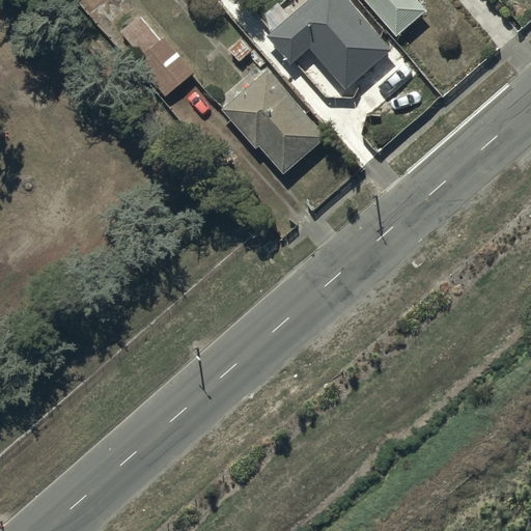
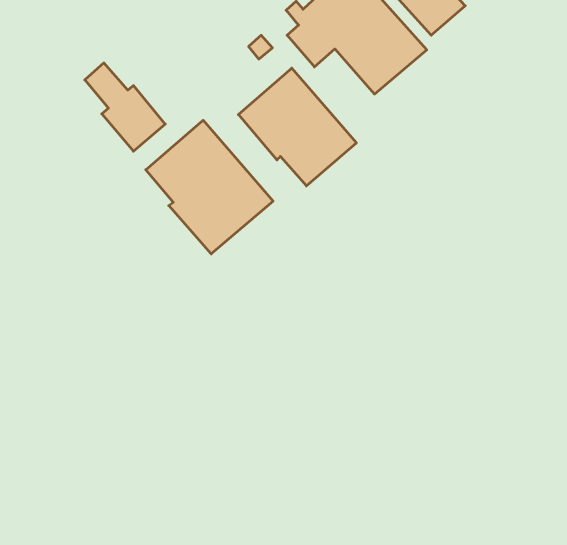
building: [120,15,194,95] -> [85,63,165,151]
building: none -> [146,120,273,254]

